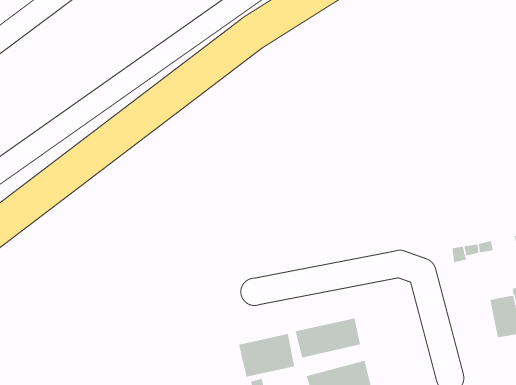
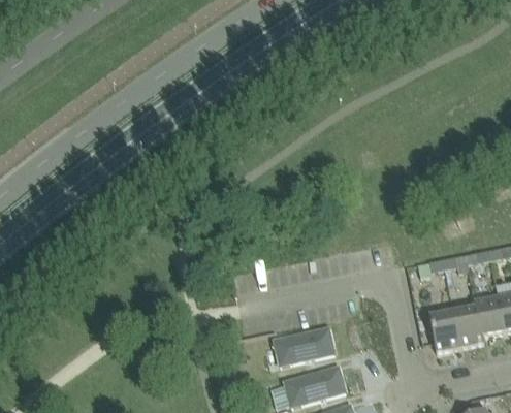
building: none -> [429,311,460,351]
building: [239,333,295,377] -> none

